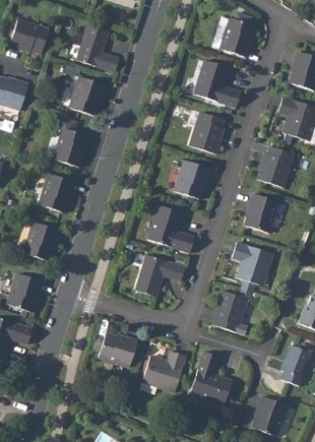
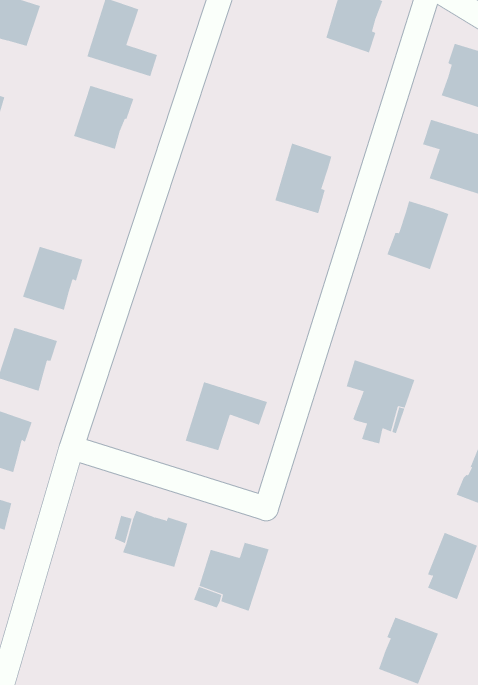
building: [193,59,240,107] -> none
building: [53,117,87,167] -> none
building: [174,160,210,198] -> none
building: [244,193,278,233] -> none
building: [147,204,194,252] -> none
building: [212,289,252,334] -> none
building: [190,351,232,403] -> none

